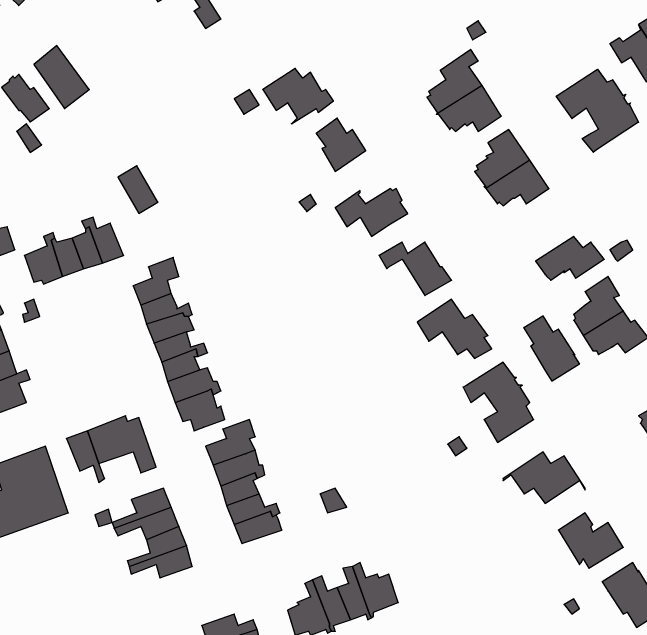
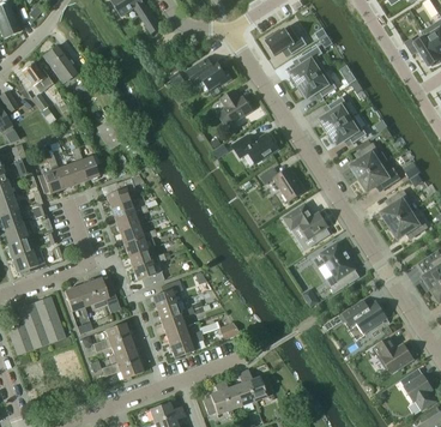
building: none -> [265,25,306,55]
building: [556,69,639,152] -> none
building: none -> [351,142,388,179]
building: [524,316,579,381] -> none

